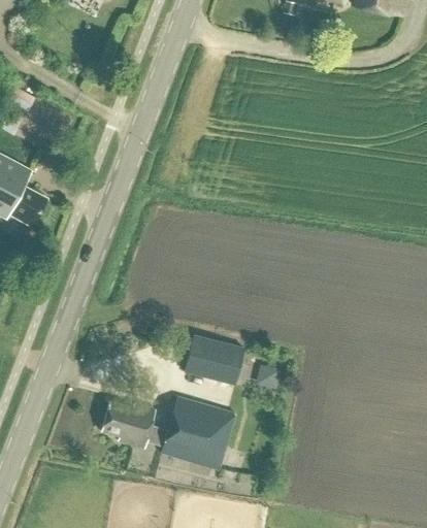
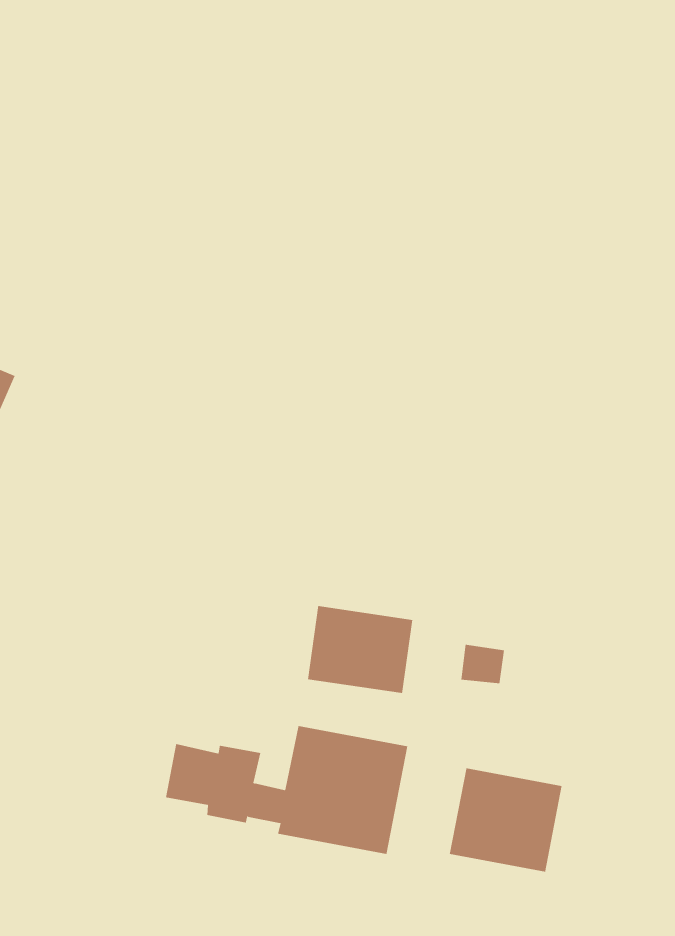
building: none -> [449,768,562,873]

